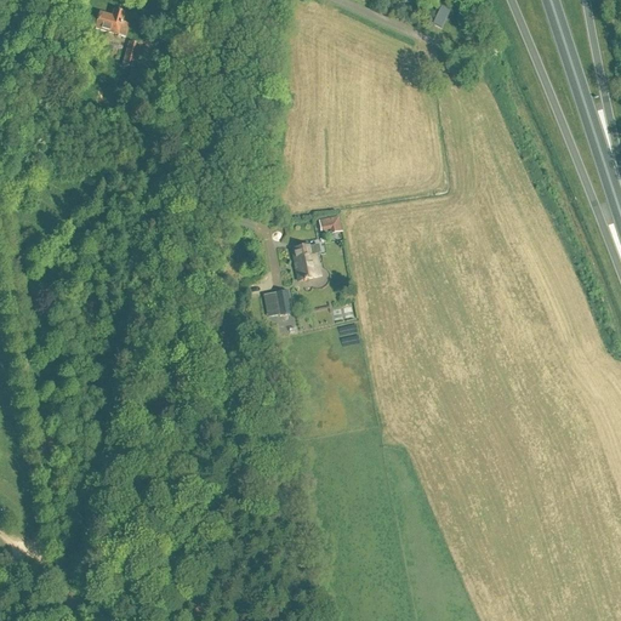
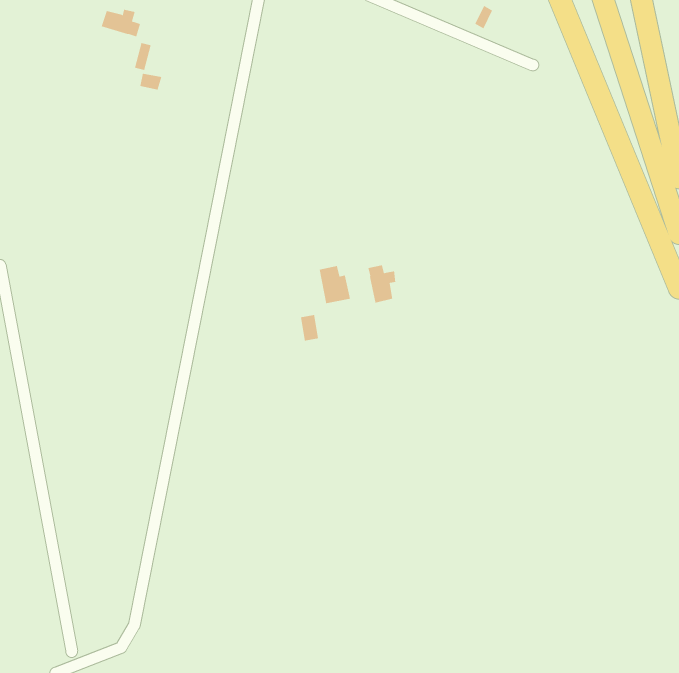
building: none -> [368,265,396,303]

